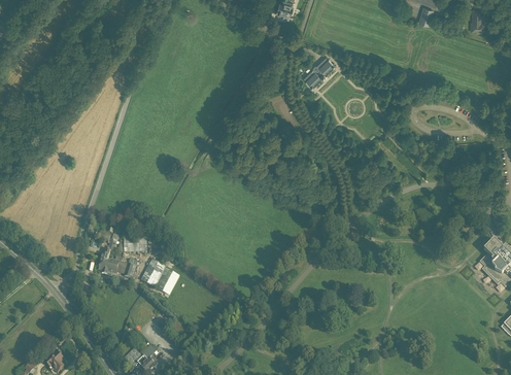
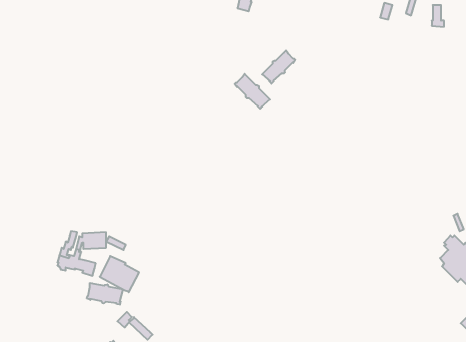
building: none -> [235,74,270,109]
building: none -> [87,283,123,305]

